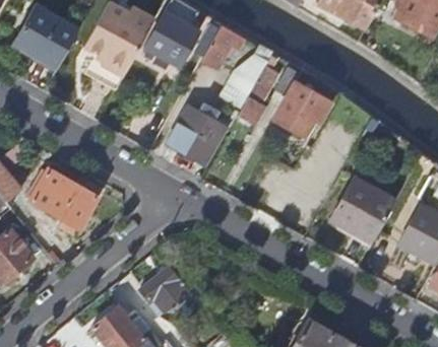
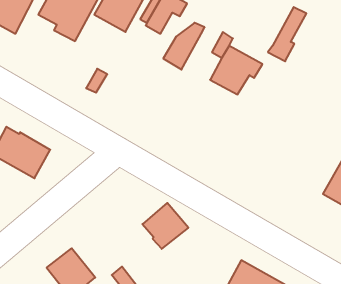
building: [236,66,278,126] -> [268,7,306,61]
building: [167,105,225,161] -> none
building: [330,178,394,244] -> none
building: [139,266,190,317] -> [142,203,188,249]

